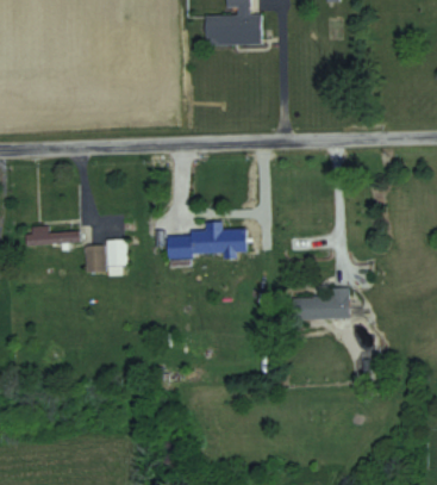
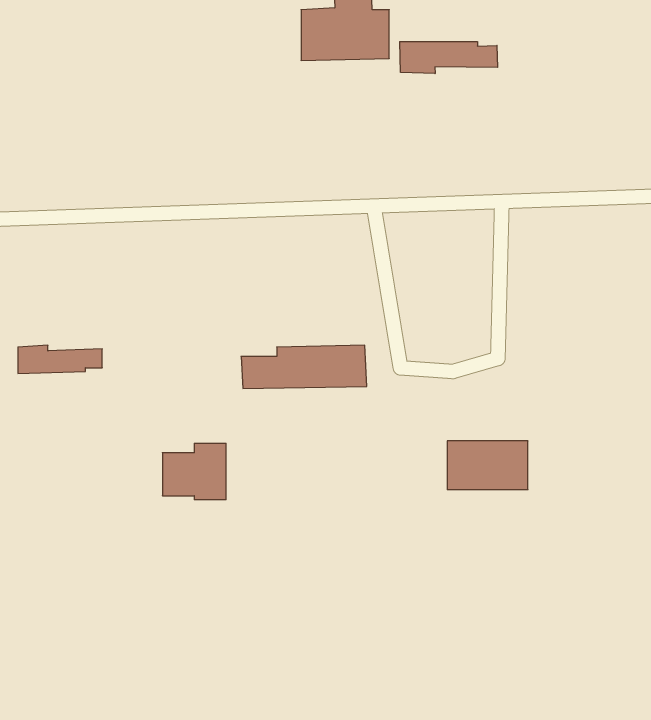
building: none -> [400,42,497,74]
building: [86,240,126,275] -> [162,443,226,500]

